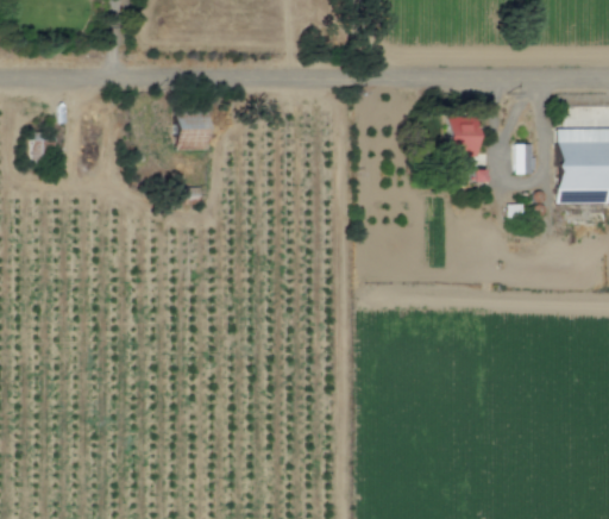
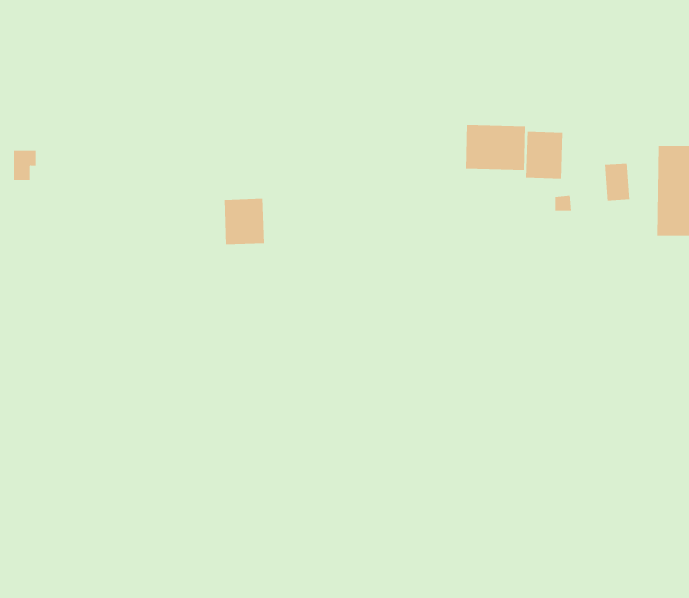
building: none -> [466,124,525,171]
building: [177,111,211,149] -> [224,198,265,245]

